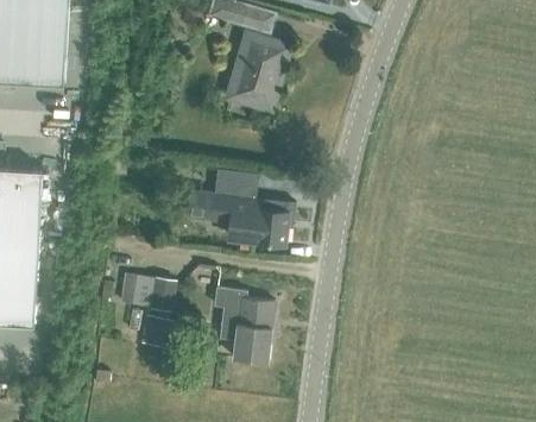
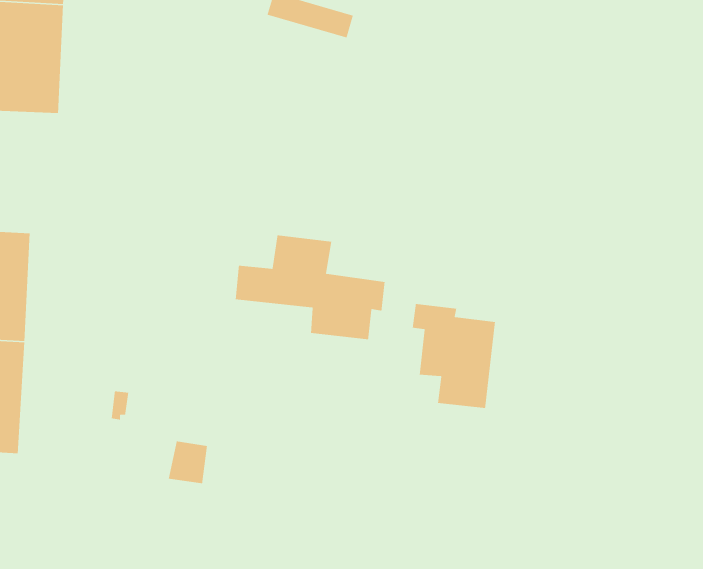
building: [228,34,289,108] -> none
building: [119,272,175,309] -> none
building: [215,288,275,363] -> [412,303,496,409]

